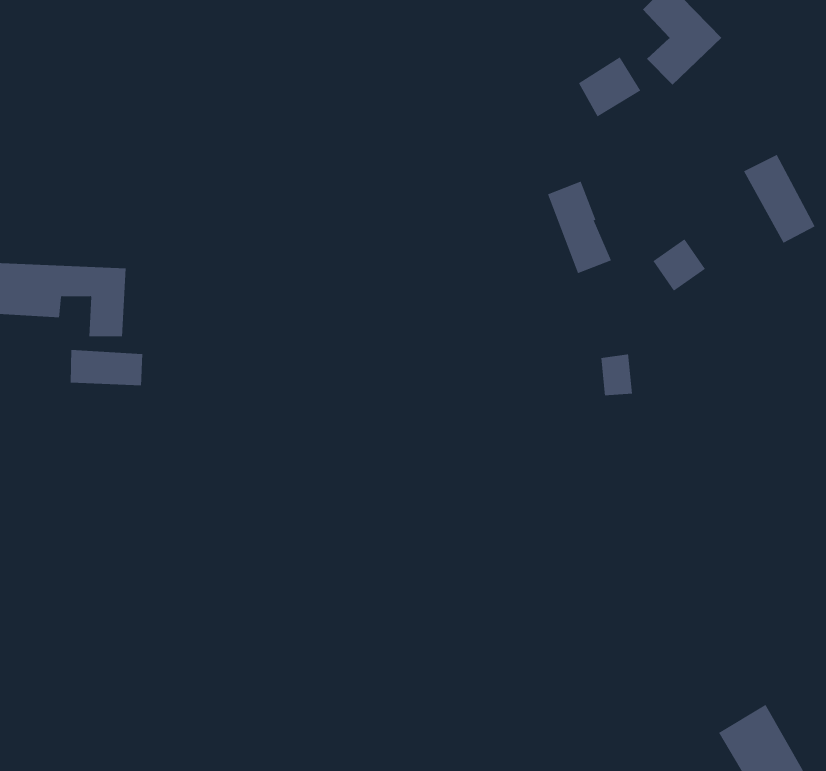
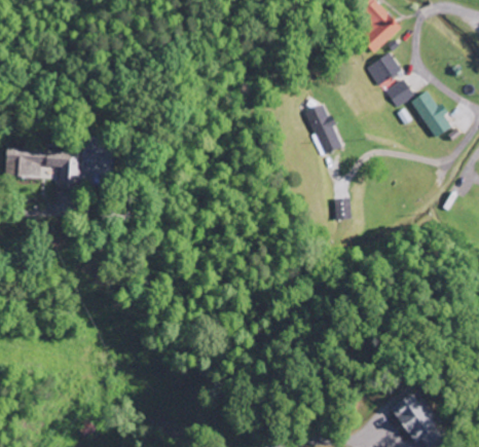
building: [578,56,641,117] -> [367,53,401,86]
building: [652,238,706,292] -> [385,79,414,108]
building: [70,349,143,386] -> none

